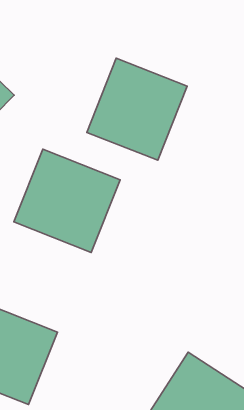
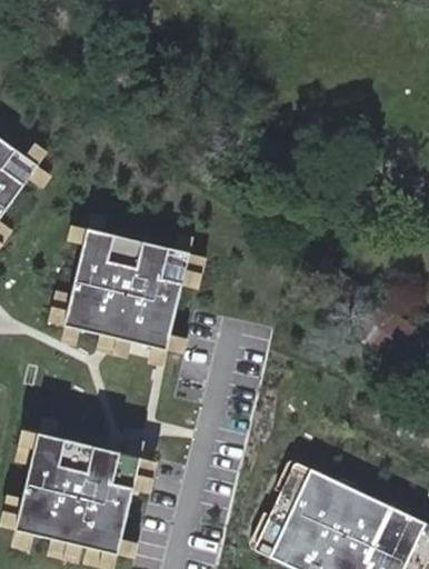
building: [87,58,187,160] -> none

